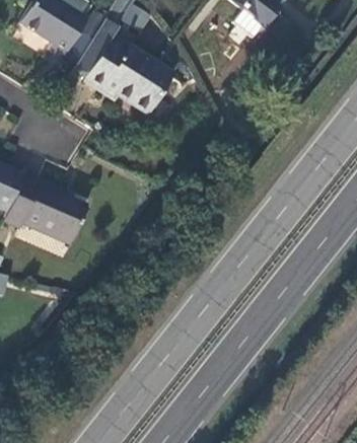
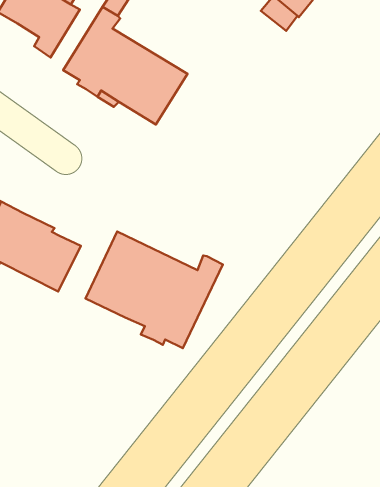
building: none -> [85,231,223,348]

